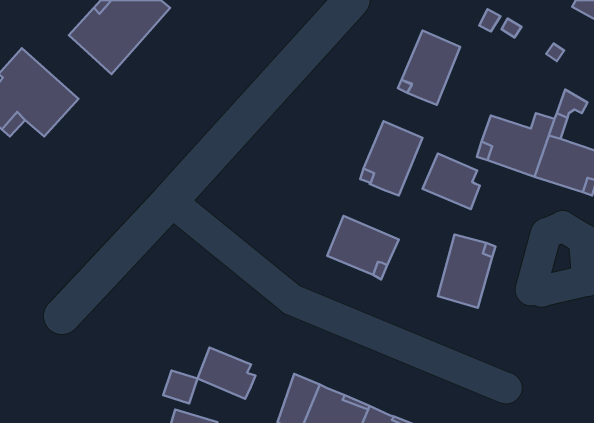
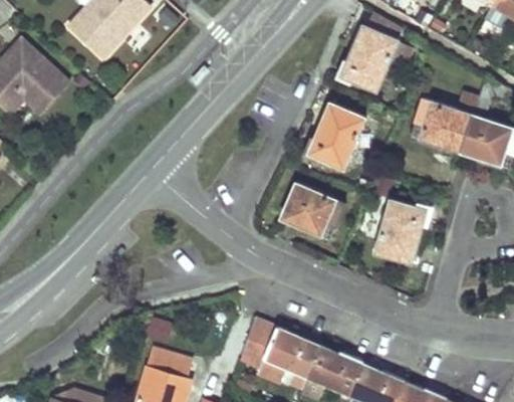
building: [423,154,480,209] -> none
building: [197,348,255,399] -> none

